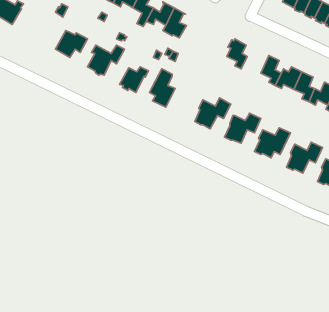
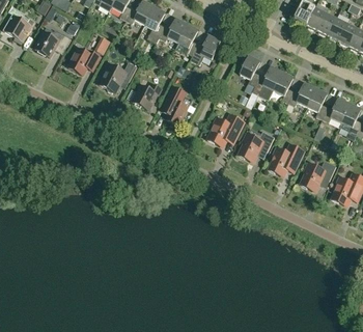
building: none -> [34,29,72,56]
building: none -> [190,35,222,63]
building: none -> [252,66,282,99]

